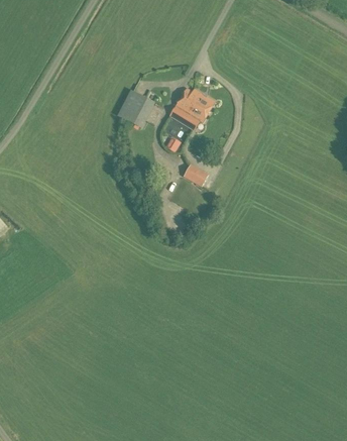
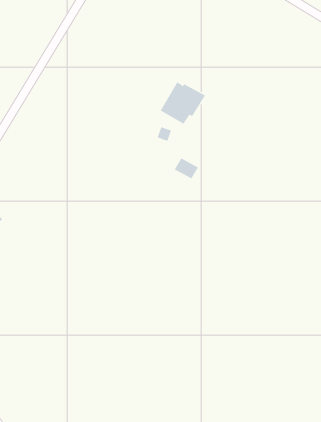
building: [117,90,153,126] -> none

